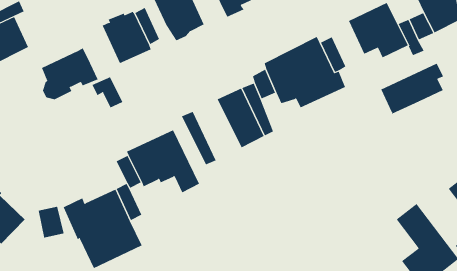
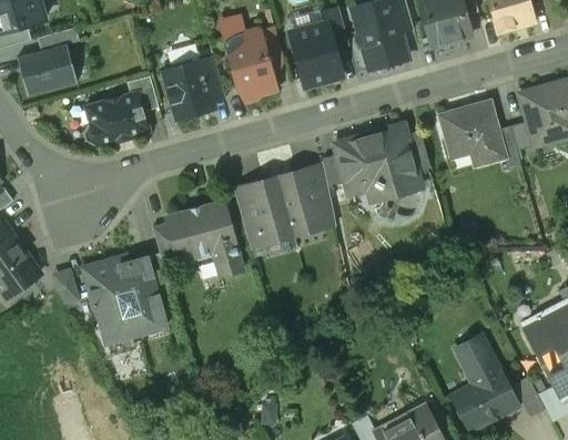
building: [381,63,444,115] -> none
building: [91,77,123,108] -> [126,75,159,111]
building: none -> [248,176,295,245]

